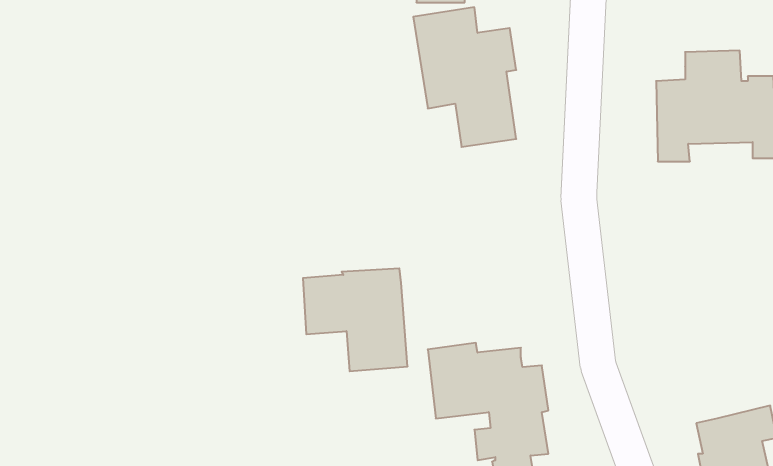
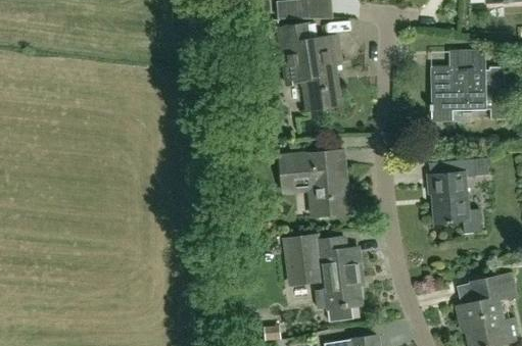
building: none -> [428,157,488,234]
building: [303,268,408,371] -> [283,150,349,215]

